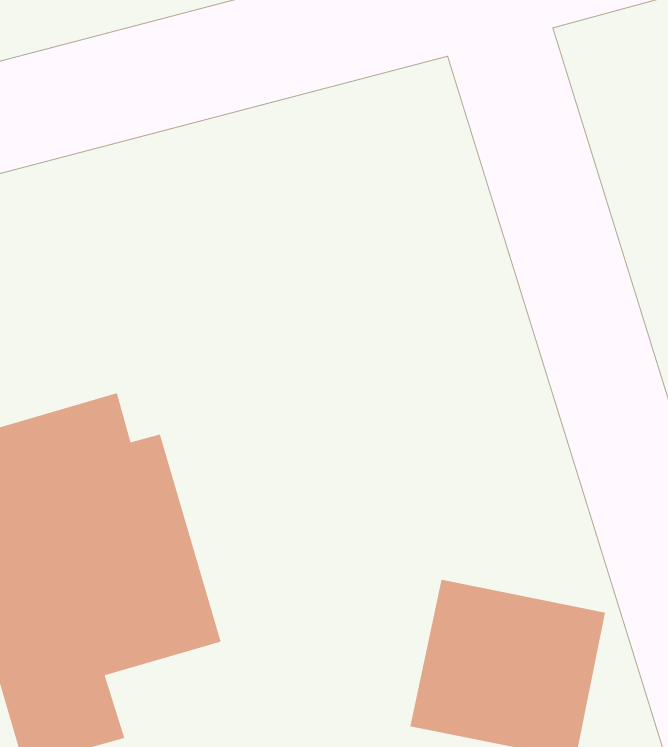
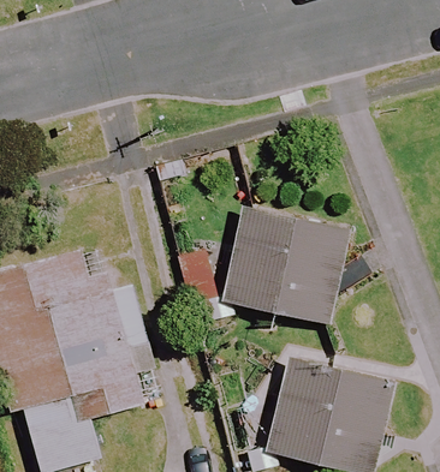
building: none -> [230,207,349,317]

